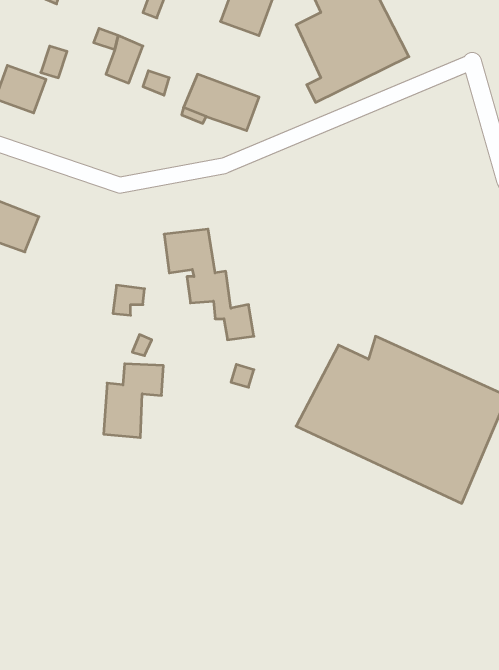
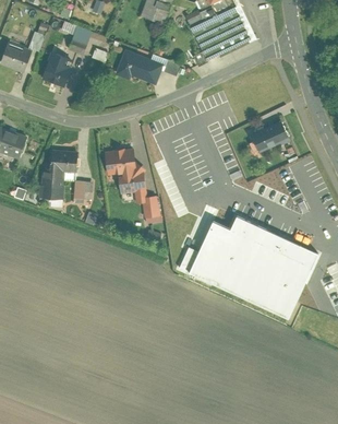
building: none -> [41,55,70,89]
building: none -> [250,122,285,150]
building: [104,364,163,438] -> [39,152,76,198]

